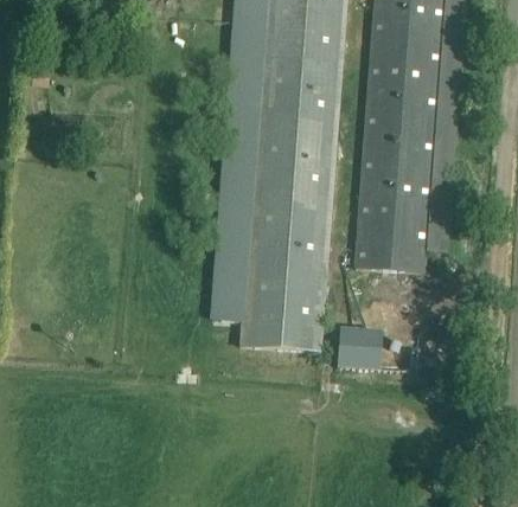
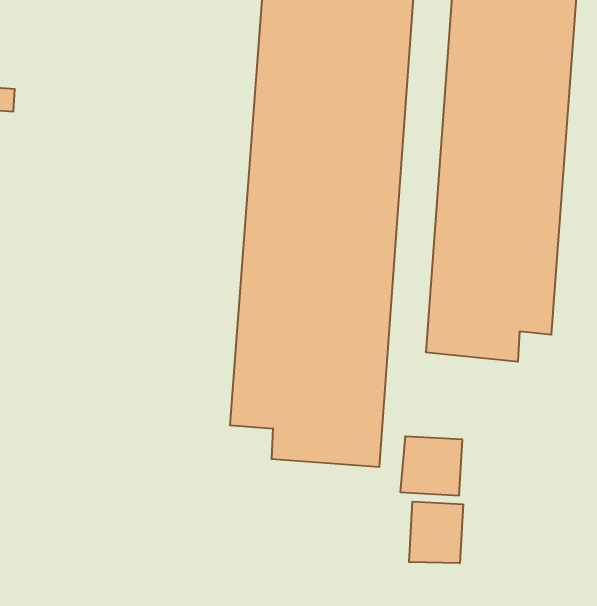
building: none -> [409,502,463,563]

